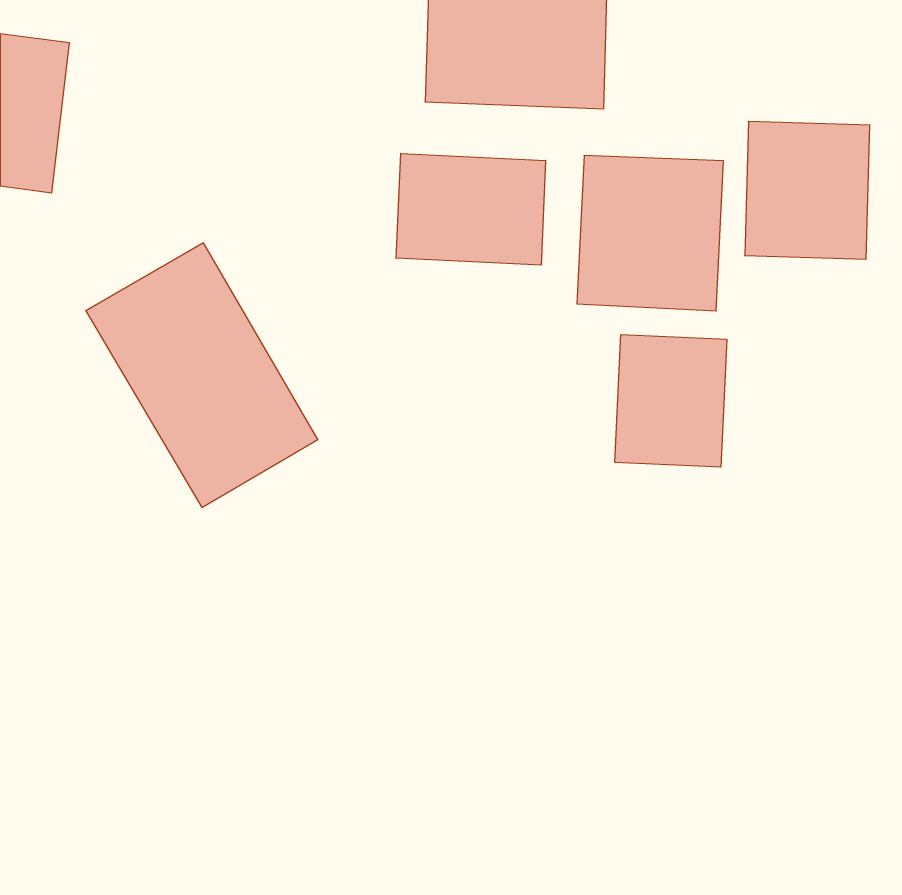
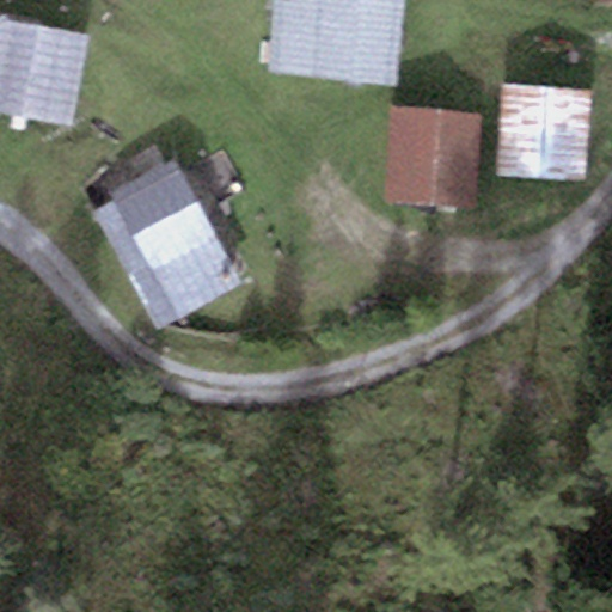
building: [396,153,546,265] -> none
building: [615,335,727,467] -> none

